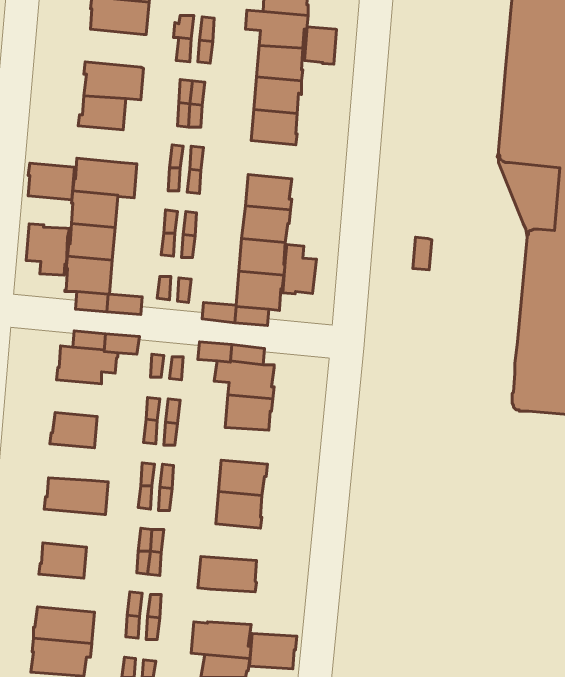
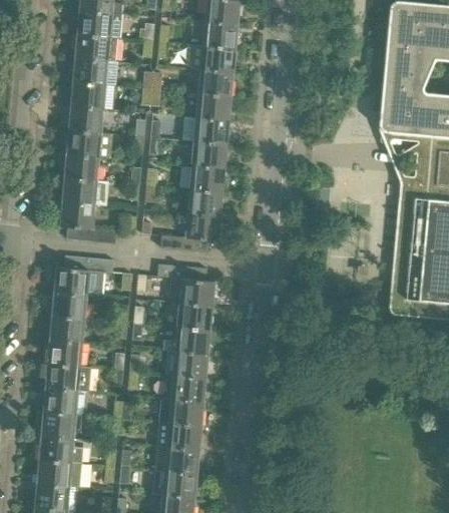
building: [304,27,337,64] -> none
building: none -> [75,33,118,61]
building: none -> [195,115,231,143]
building: [28,163,75,200] -> [69,104,103,131]
building: [26,224,69,275] -> none
building: [283,245,316,294] -> none
building: none -> [53,292,87,319]
building: none -> [164,327,210,354]
building: none -> [48,339,82,366]
building: none -> [44,387,89,416]
building: none -> [160,398,204,425]
building: none -> [40,435,83,463]
building: [249,633,297,669] -> [165,446,200,472]

